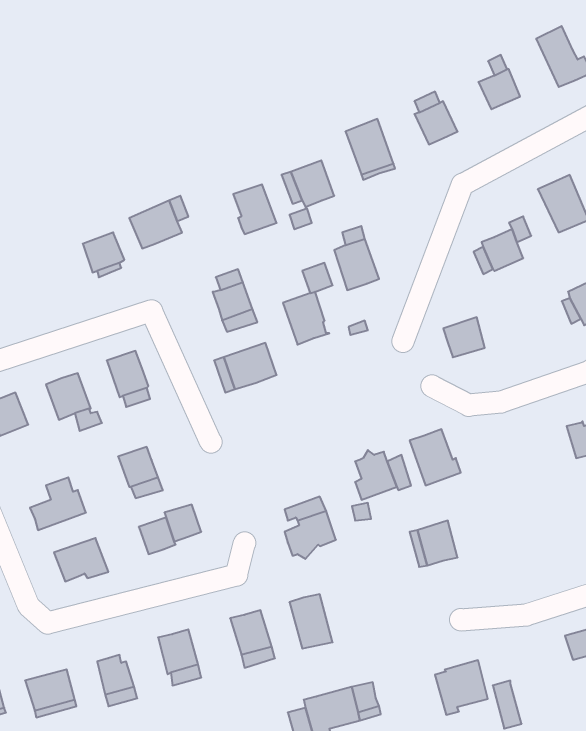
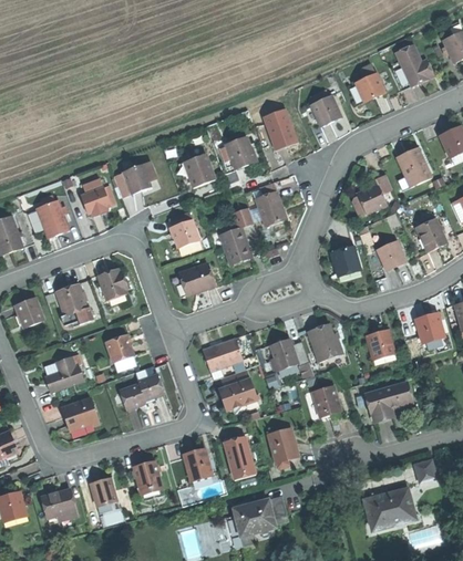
building: none -> [35,199,69,238]
building: none -> [377,240,404,269]
building: none -> [366,328,394,360]
building: none -> [203,337,241,371]
building: none -> [366,382,411,420]
building: none -> [268,428,297,468]
building: [435,660,488,715] -> [377,488,413,526]

